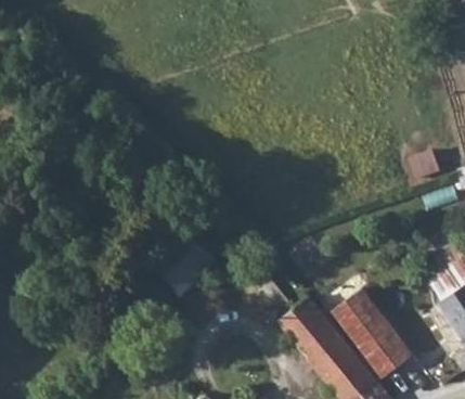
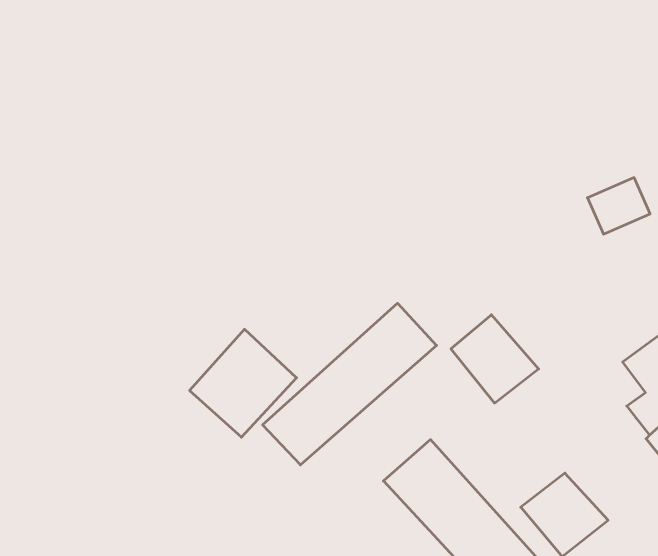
building: none -> [263,303,437,465]
building: [336,291,389,345] -> [451,315,539,403]

